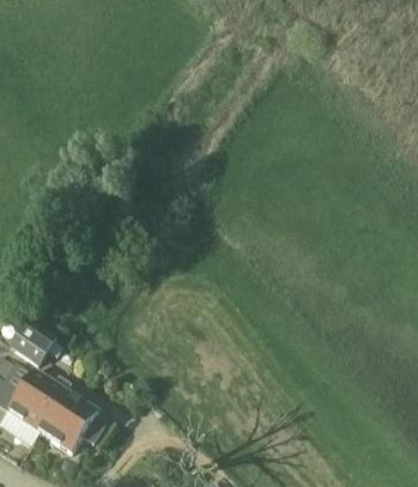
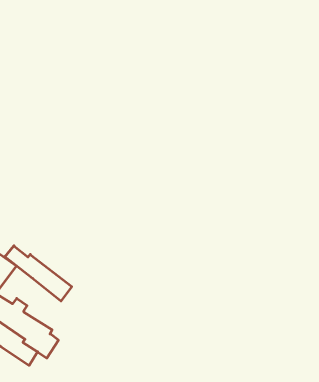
building: none -> [5,246,72,301]

